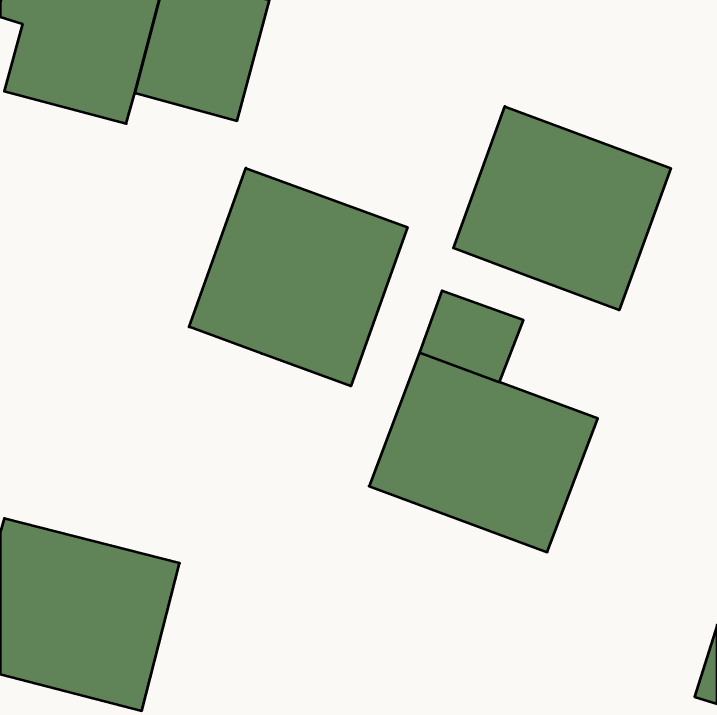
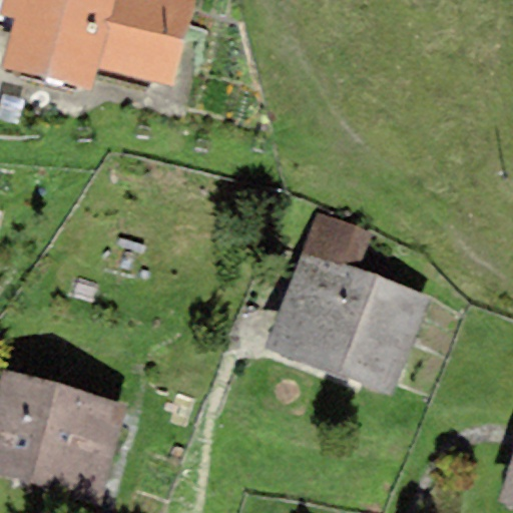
building: [453,106,671,310] -> none
building: [189,168,407,386] -> none

